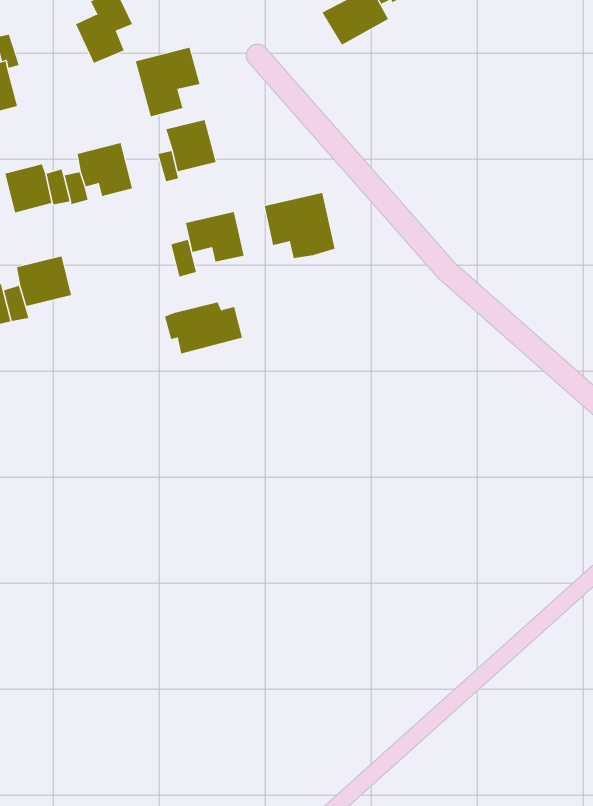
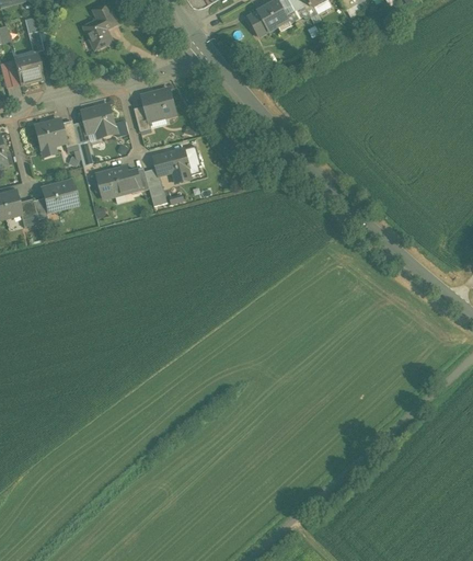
building: [135,47,200,117] -> none
building: [264,192,335,259] -> none
building: [164,302,243,354] -> [91,163,143,198]

